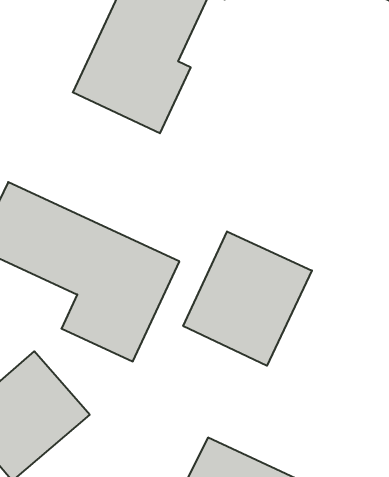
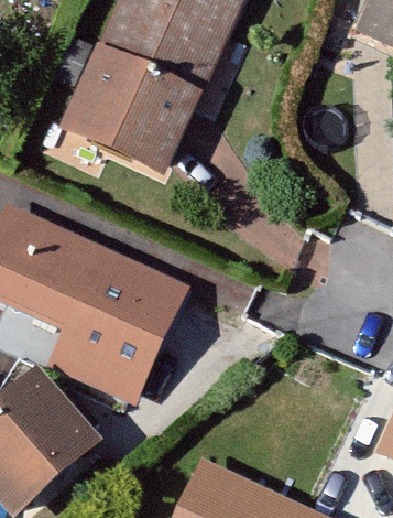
building: [183,231,312,366] -> none

